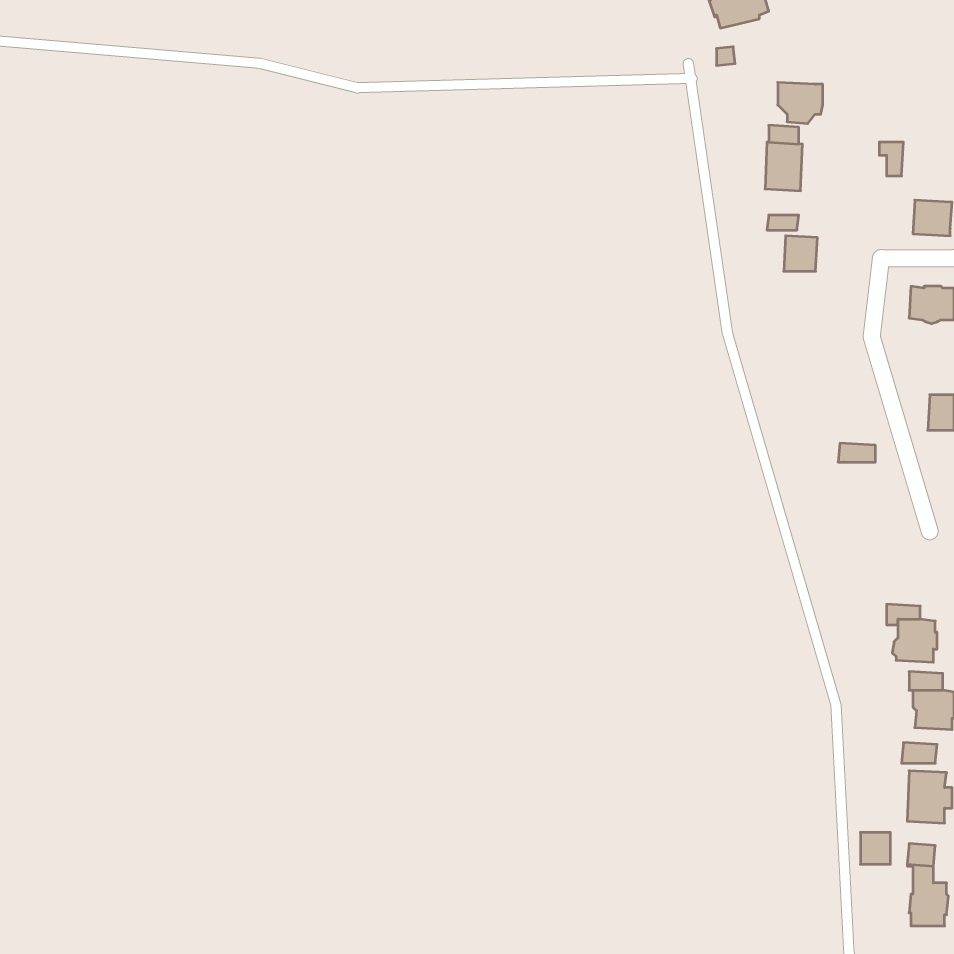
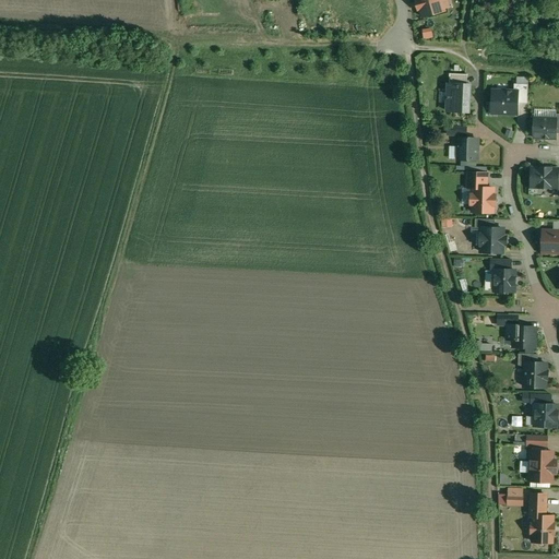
building: [778,82,823,124] -> [491,90,518,114]
building: none -> [466,171,495,212]
building: none -> [478,227,506,254]
building: none -> [491,270,515,293]
building: none -> [507,324,535,346]

